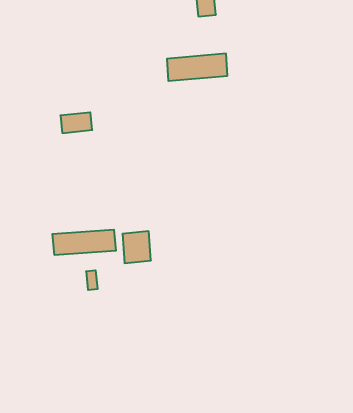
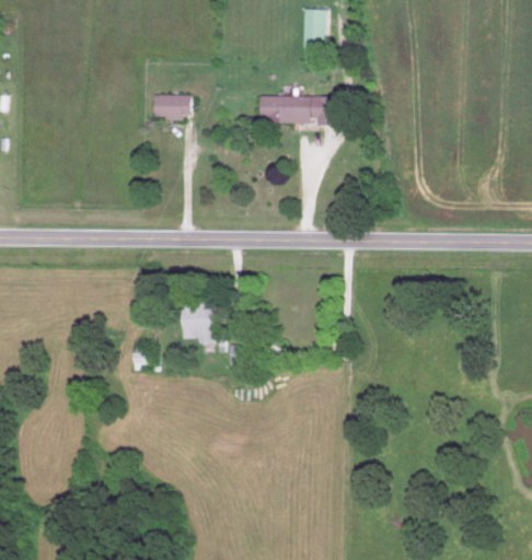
building: [60,112,92,133] -> [153,95,190,117]
building: [52,230,116,255] -> none

